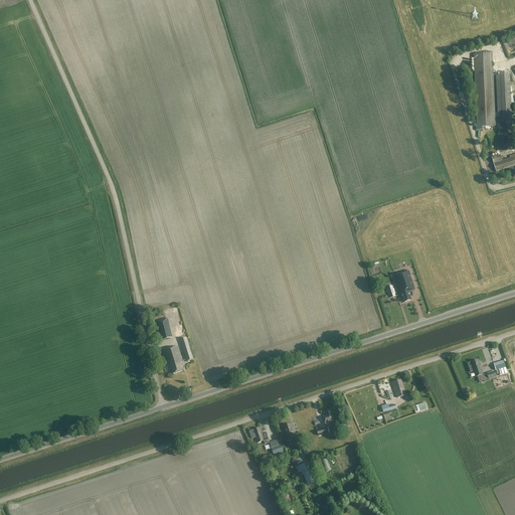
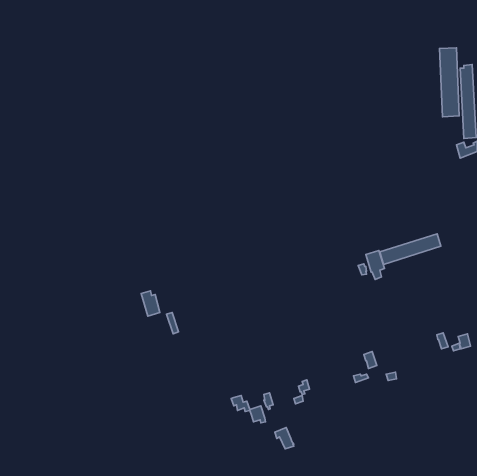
building: none -> [380,234,441,264]
building: [162,344,182,372] -> none

